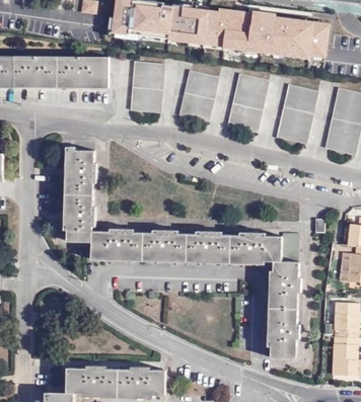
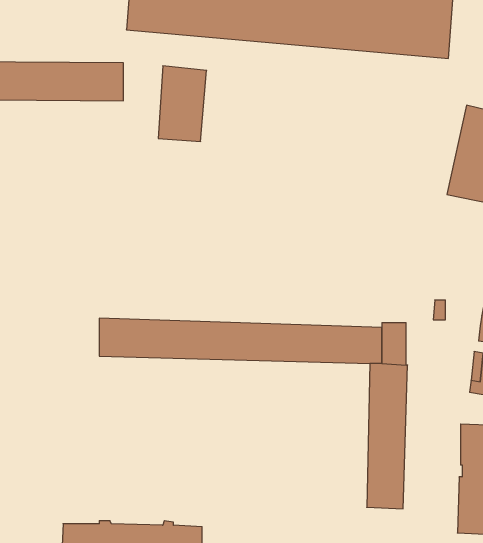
building: [178,71,218,122] -> none
building: [227,74,268,132] -> none
building: [276,84,316,144] -> none
building: [66,150,93,242] -> none

